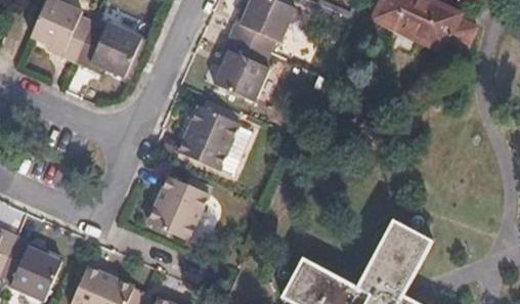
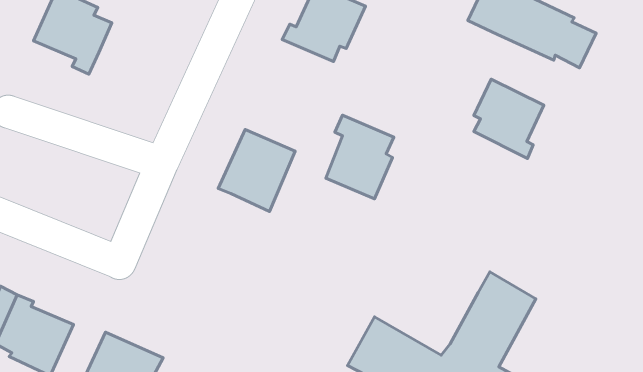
building: [74,19,141,76] -> none
building: [215,34,269,100] -> [326,115,394,199]
building: none -> [474,79,544,159]
building: [146,177,208,241] -> none

